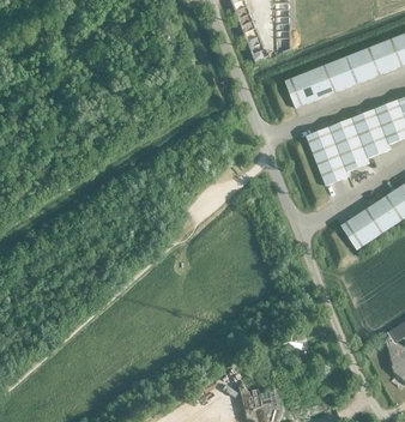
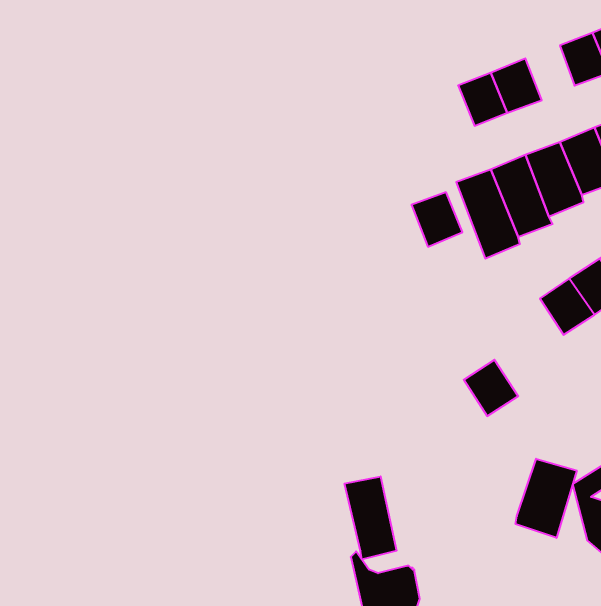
building: [352,44,385,80] -> none
building: [285,71,319,107] -> [411,192,462,247]
building: [341,211,377,248] -> [464,360,518,416]
building: none -> [516,459,577,538]
building: none -> [345,476,397,559]

